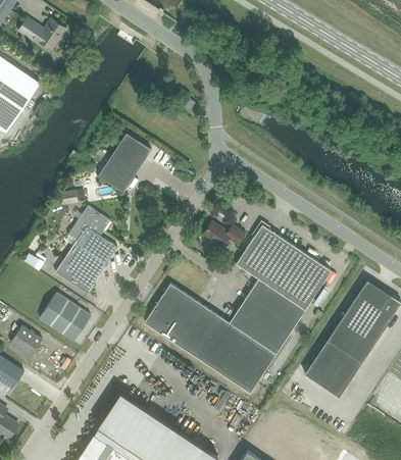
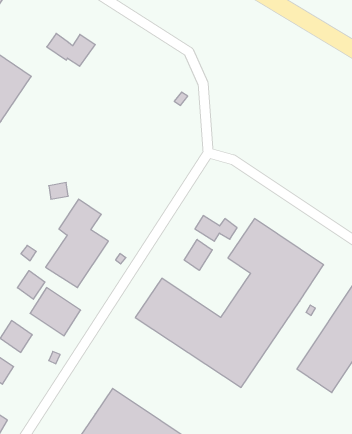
building: [18,17,66,50] -> [47,33,95,66]
building: [98,133,151,192] -> none
building: none -> [184,239,212,270]
building: none -> [17,271,45,299]

